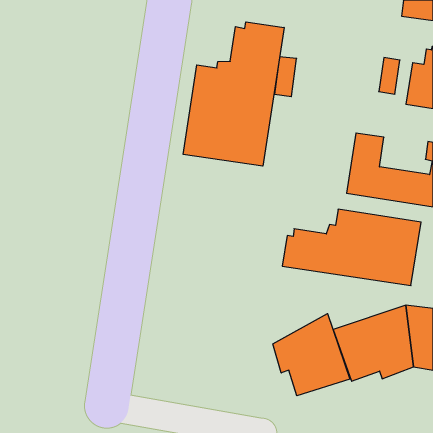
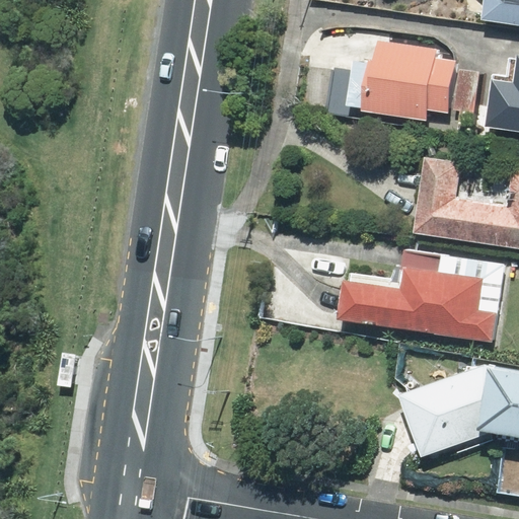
building: [183,22,284,166] -> none
building: none -> [353,40,457,121]
building: [273,314,350,396] -> none

